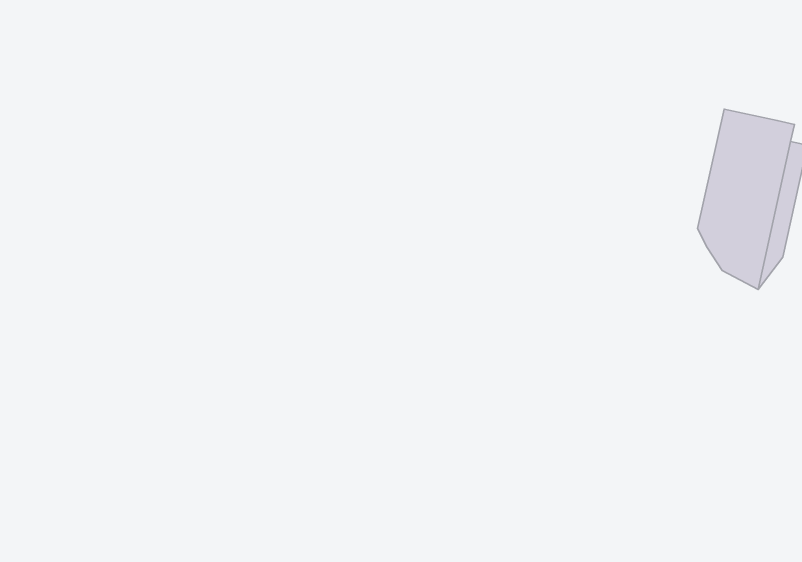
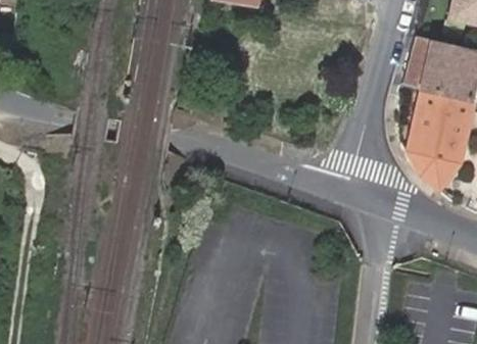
building: none -> [403,42,462,97]

